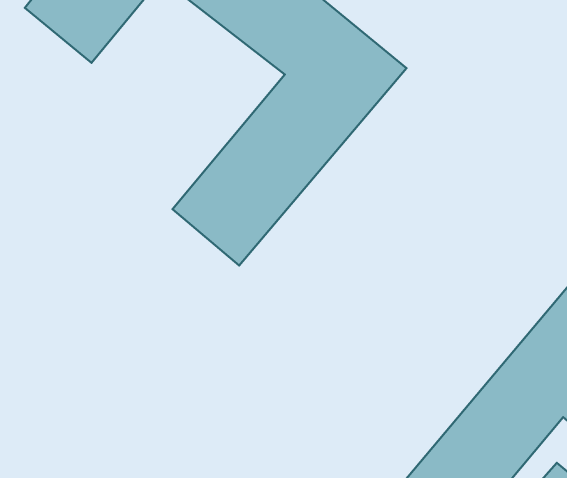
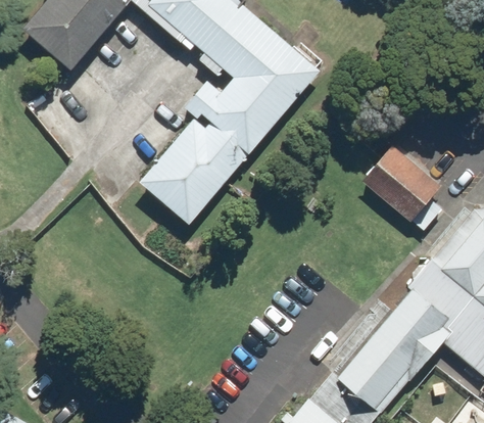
building: none -> [362,147,438,221]

